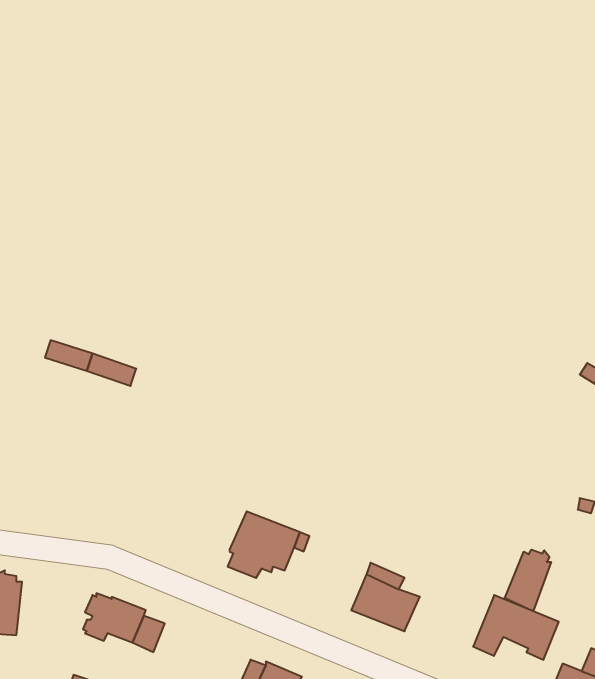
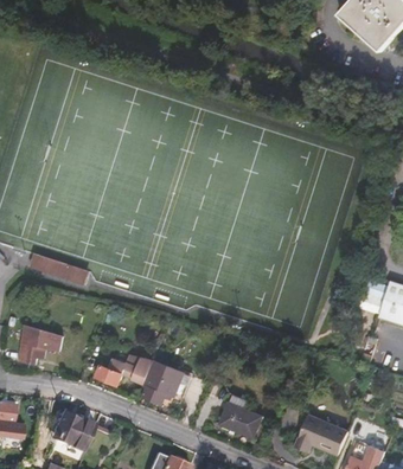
building: none -> [19,333,65,362]
building: none -> [95,354,155,386]
building: [505,550,551,611] -> none

